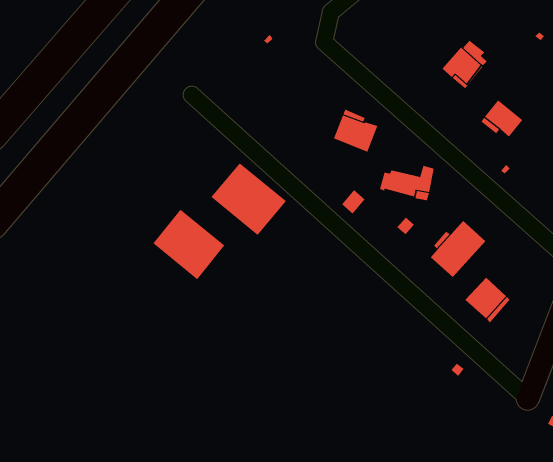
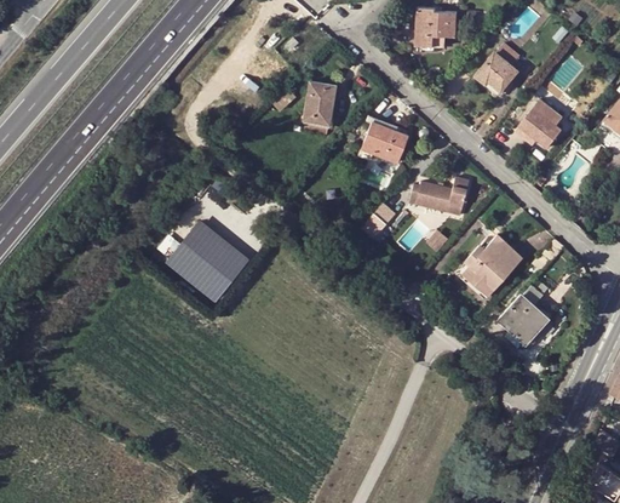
building: none -> [415,8,457,47]
building: none -> [300,82,335,133]
building: [211,162,287,236] -> none

